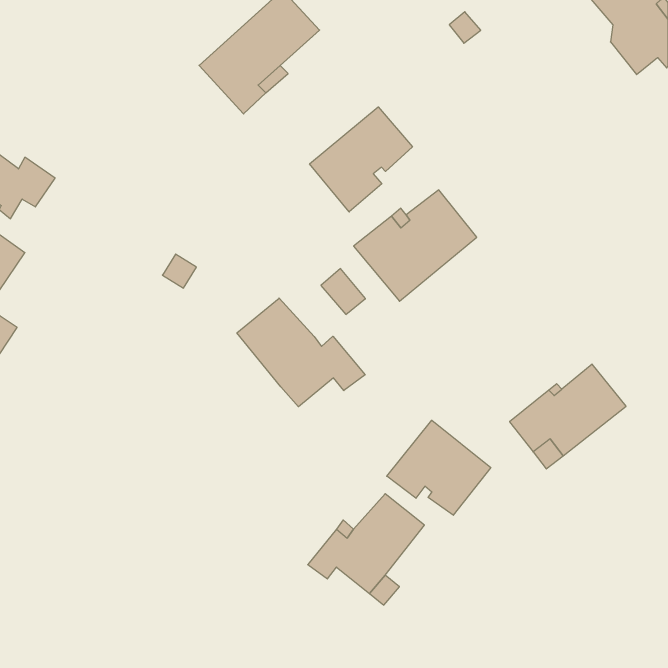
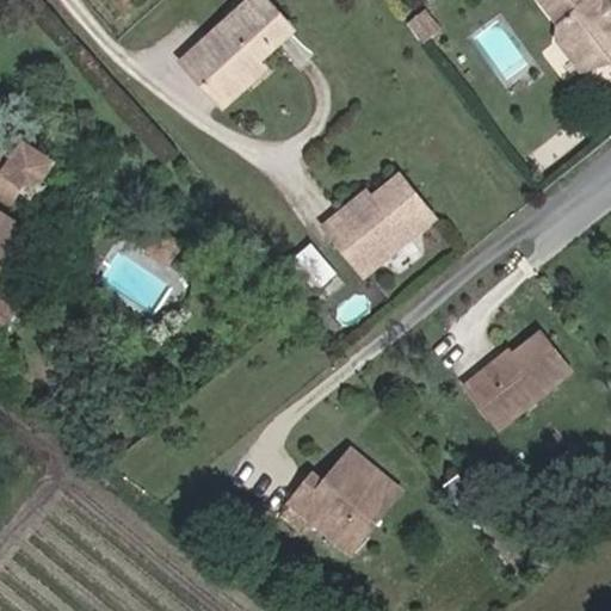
building: [310,107,412,212] -> none
building: [237,298,365,407] -> none
building: [387,420,491,515] -> none

